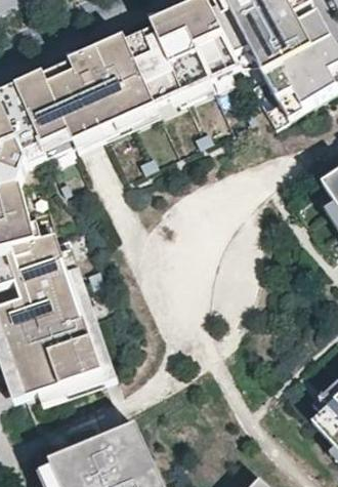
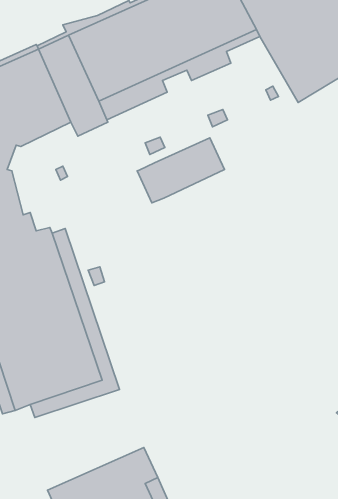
building: none -> [137,138,224,203]

